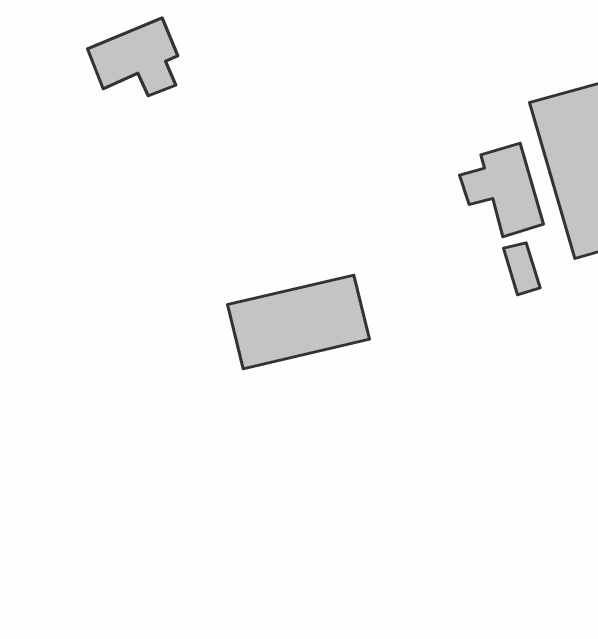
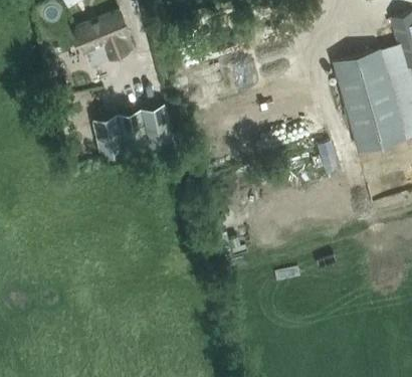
building: [459,143,543,237] -> none
building: [227,275,370,369] -> [93,105,176,159]

